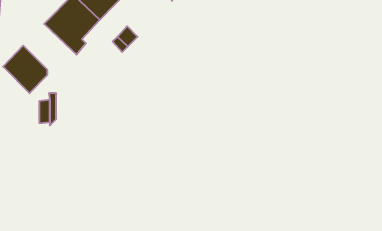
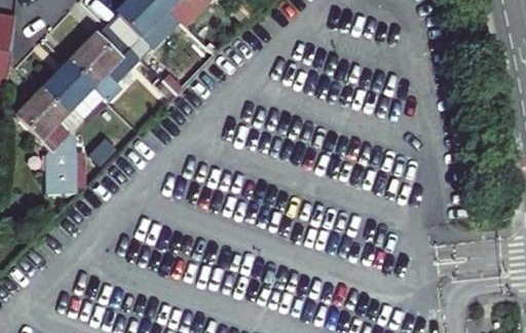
building: none -> [40,63,102,127]

